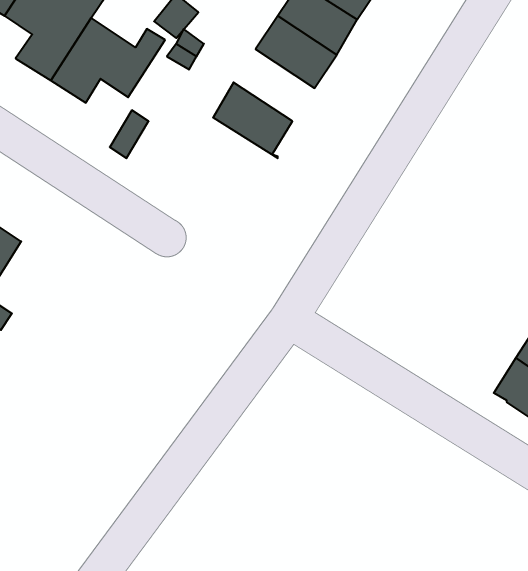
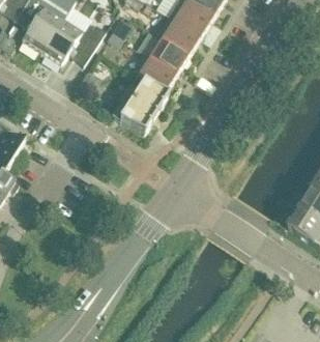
building: none -> [143,33,188,74]
building: none -> [111,72,168,133]

